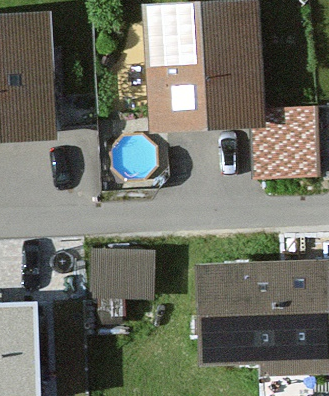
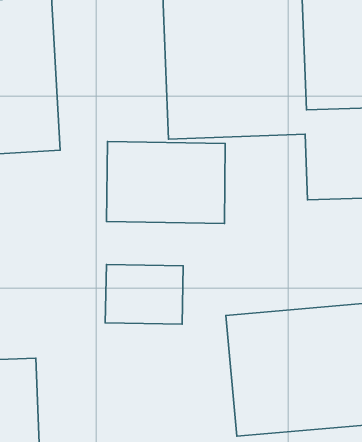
building: none -> [107,141,225,223]

